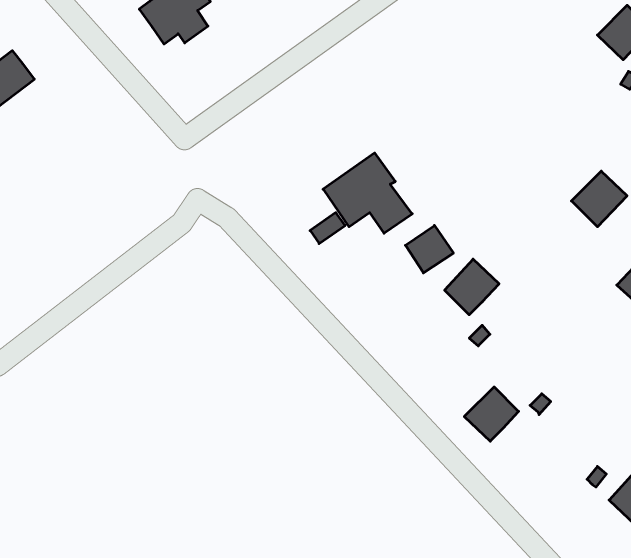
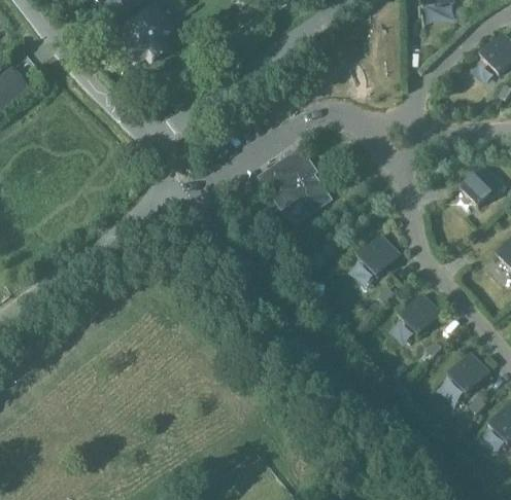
building: [405,225,453,273] -> none
building: [464,387,519,441] -> [398,293,441,336]
building: none -> [446,352,489,393]

